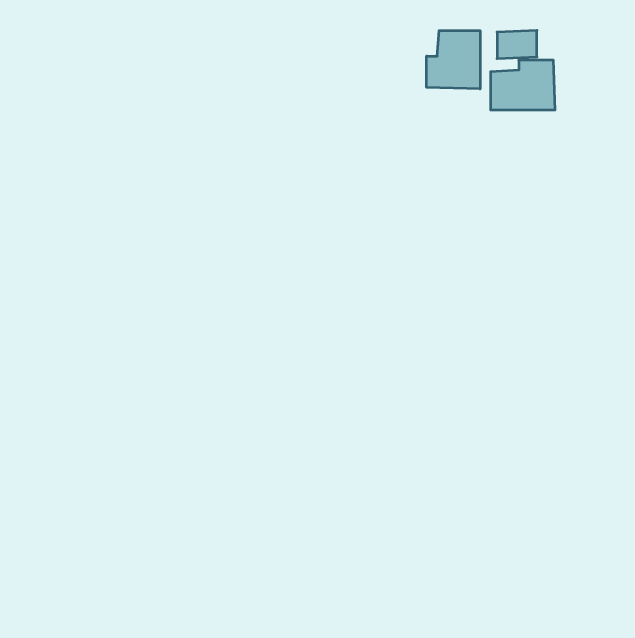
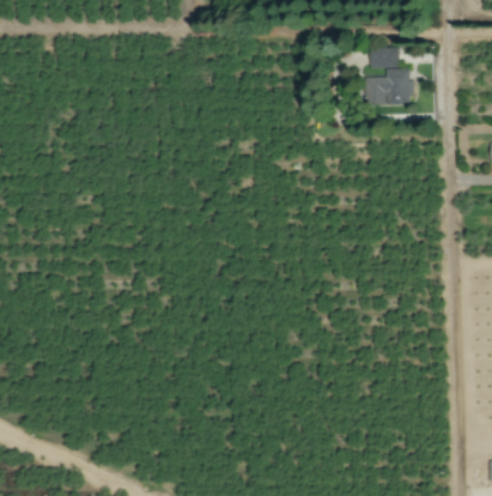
building: [427,31,480,89] -> none

